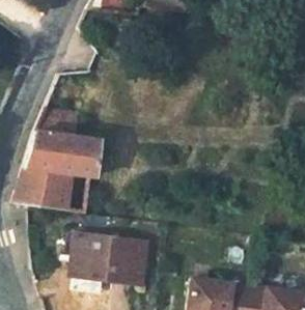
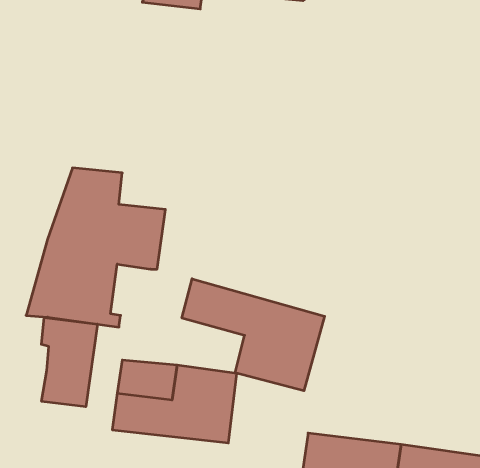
building: none -> [182,279,325,391]
building: none -> [41,318,97,407]

